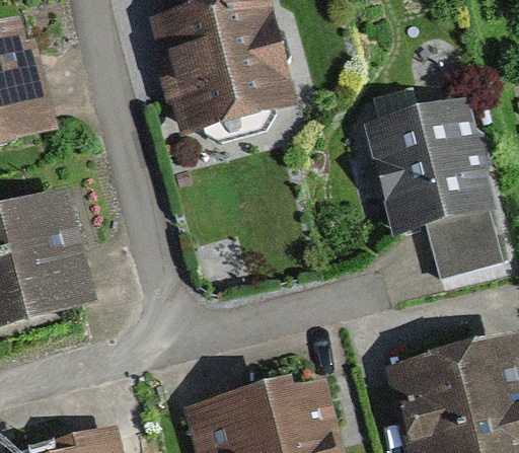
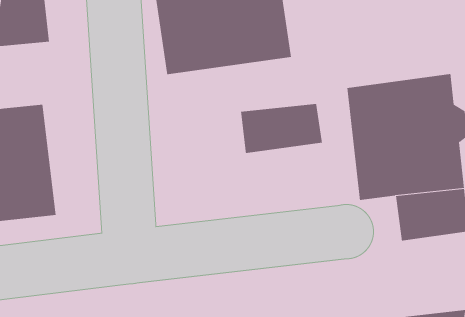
building: none -> [241,103,323,154]

